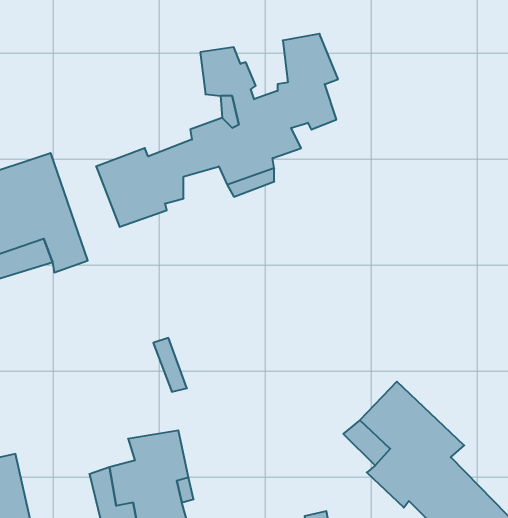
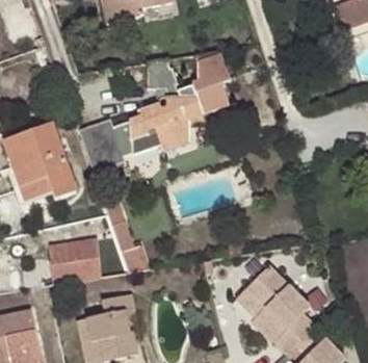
building: none -> [49,236,100,283]

